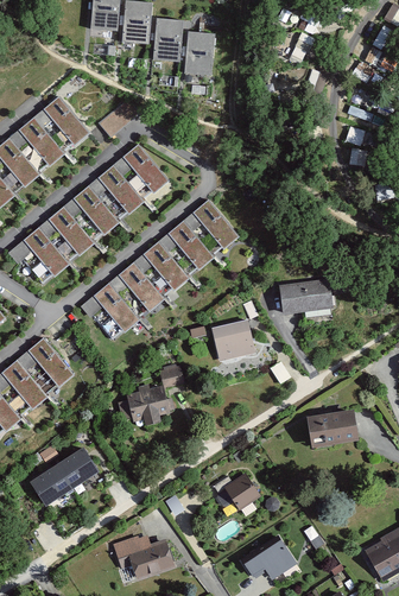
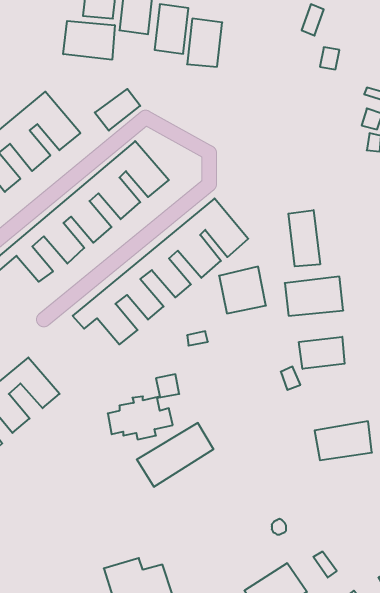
building: none -> [63,21,115,60]
building: none -> [288,210,320,266]
building: [210,315,253,357] -> [219,267,266,313]
building: none -> [299,337,345,369]
building: [27,451,97,509] -> [137,423,214,487]
building: [210,469,259,506] -> none

